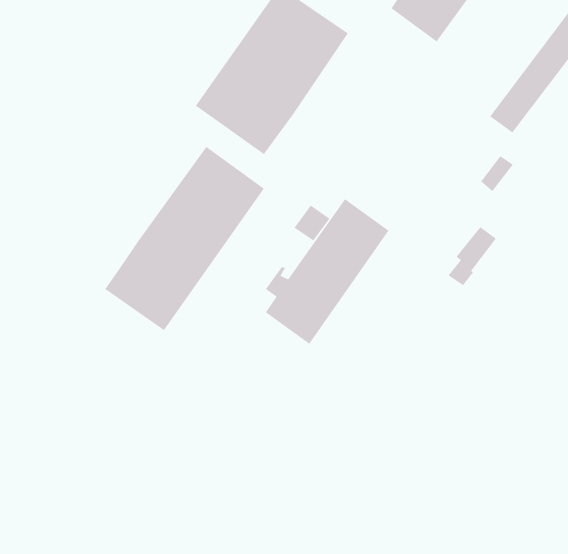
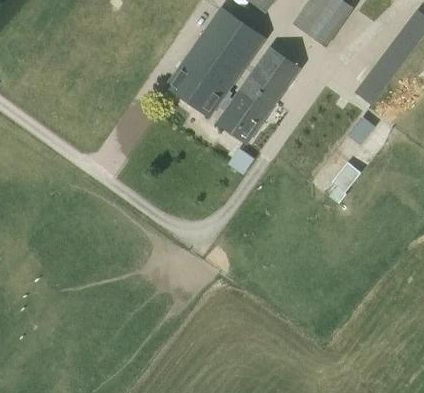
building: [104,146,265,331] -> none
building: [265,198,390,345] -> [218,47,299,142]

